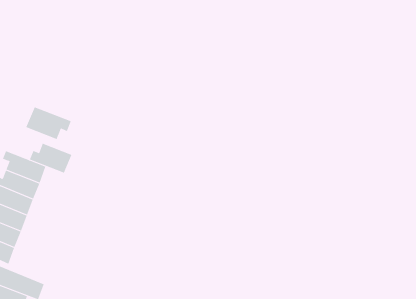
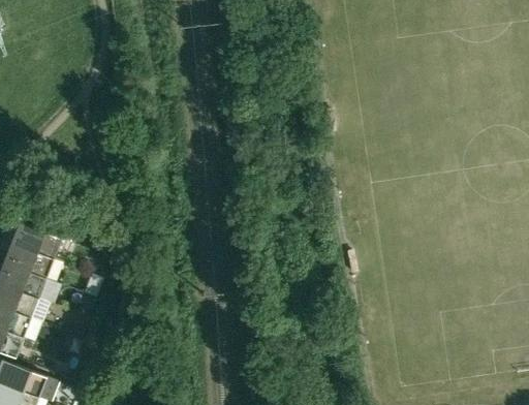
building: [25,106,71,140] -> none
building: [29,143,72,174] -> none

